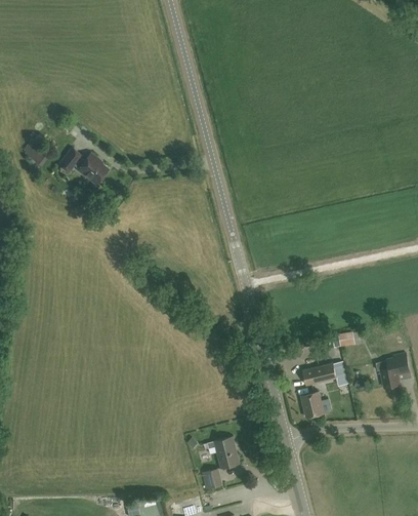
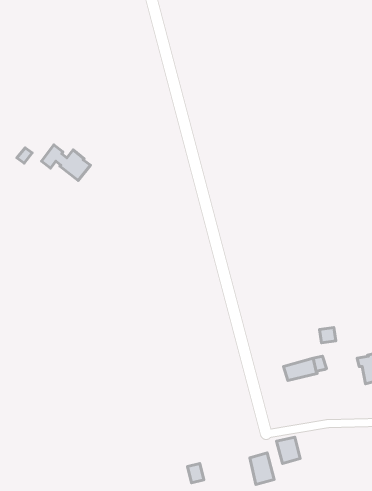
building: [300,392,324,419] -> [276,437,300,464]
building: [215,437,240,469] -> [250,453,274,485]

